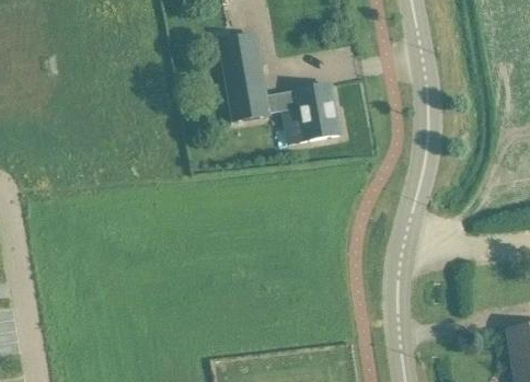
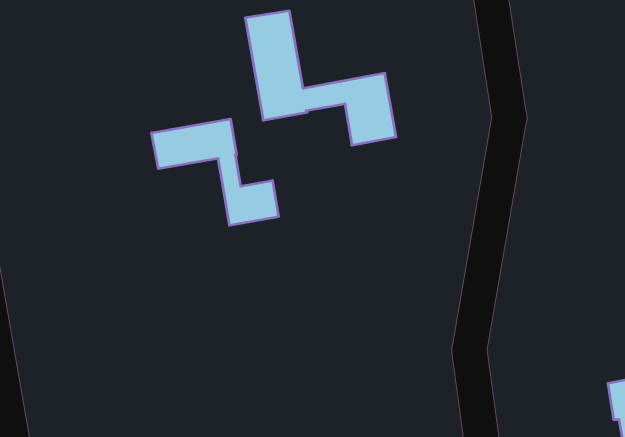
building: none -> [152,119,278,225]

